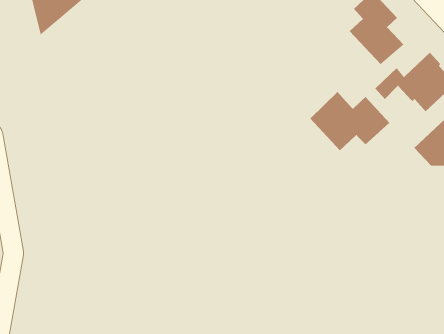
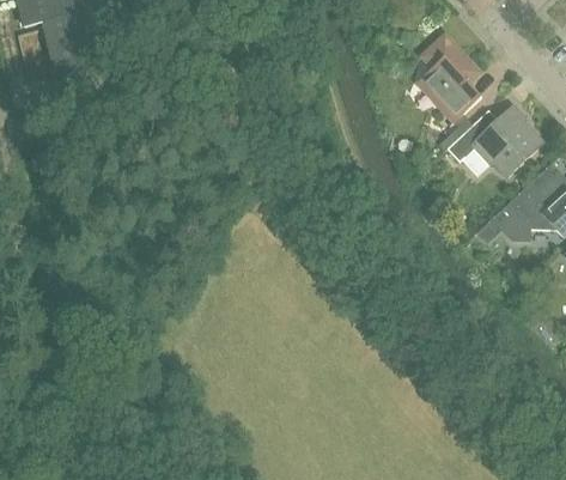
building: [310,91,390,151] -> none

